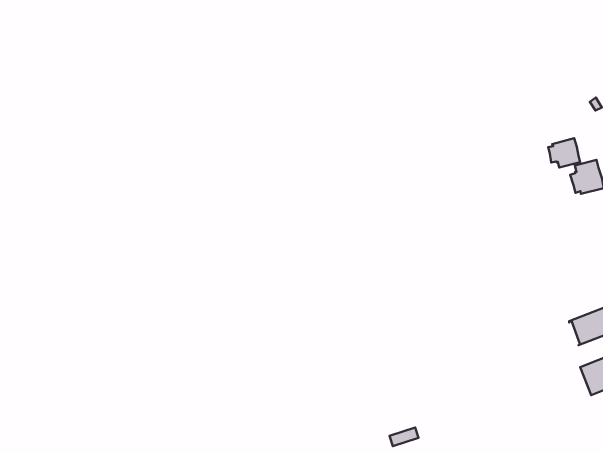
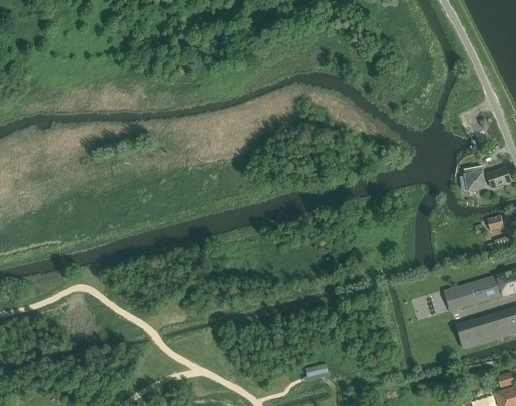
building: [548,138,580,167] -> none

